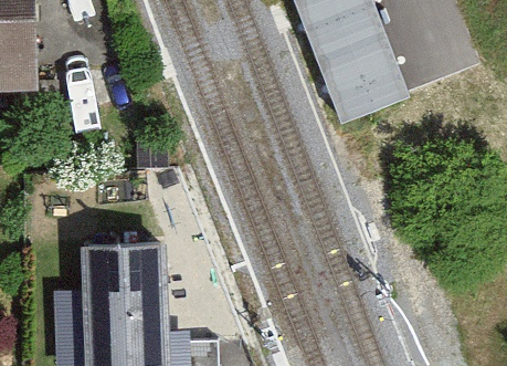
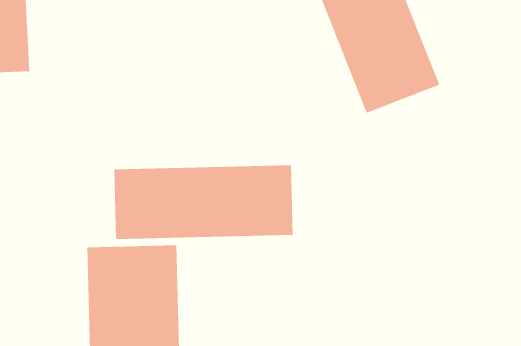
building: none -> [114,164,293,240]

